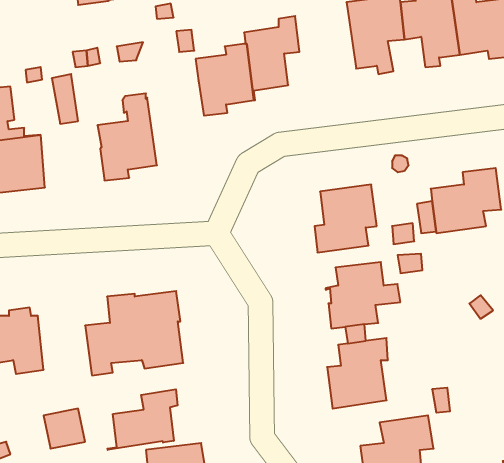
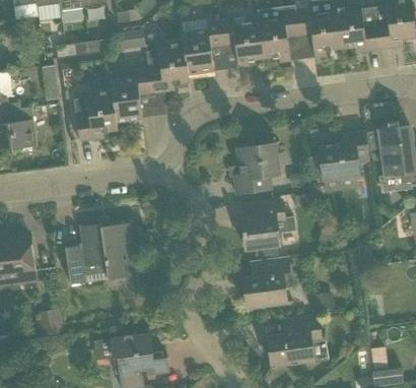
building: none -> [218,17,263,68]
building: none -> [110,68,151,123]
building: [107,389,178,450] -> none

